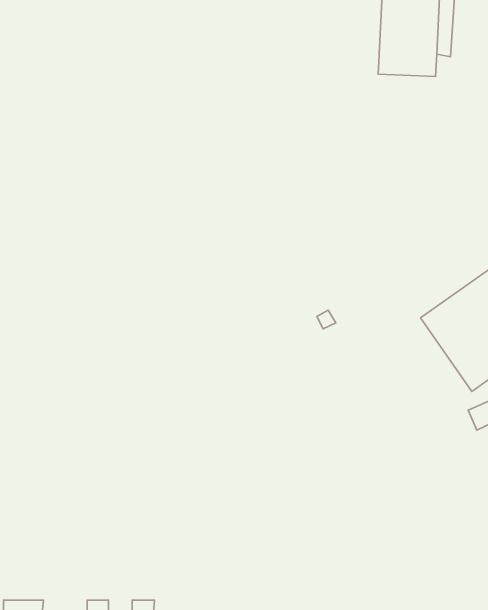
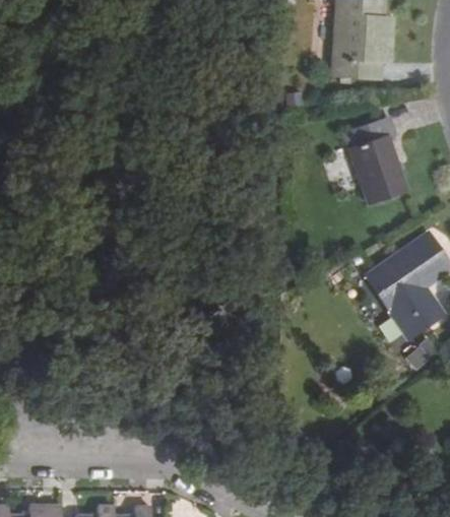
building: none -> [342,116,406,205]

